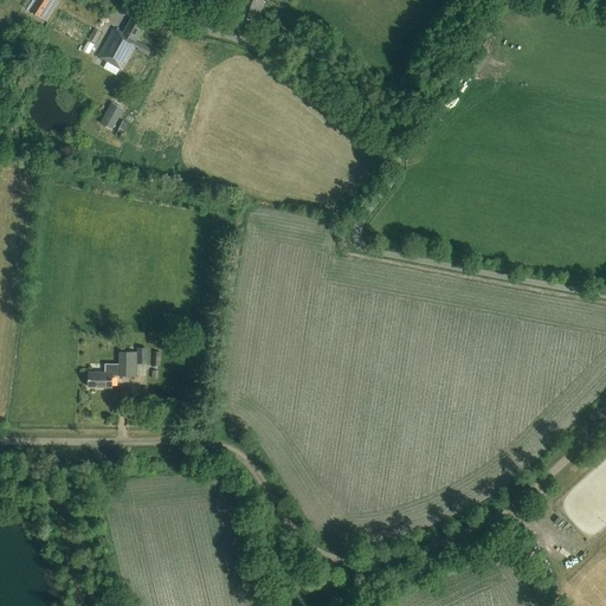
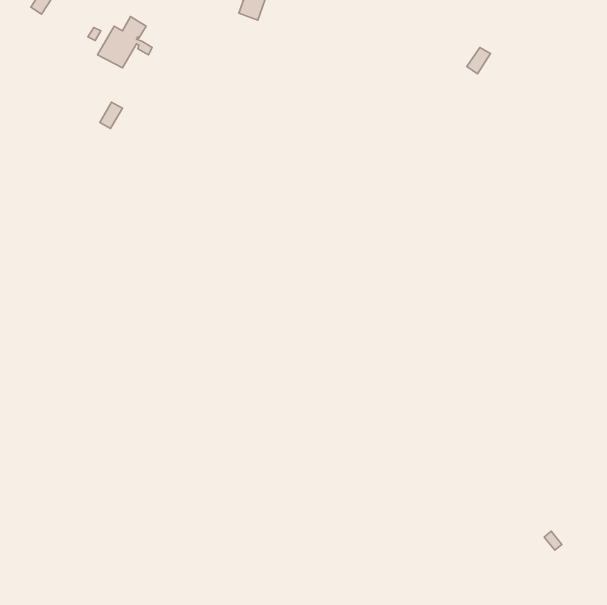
building: [88,350,136,385] -> none

